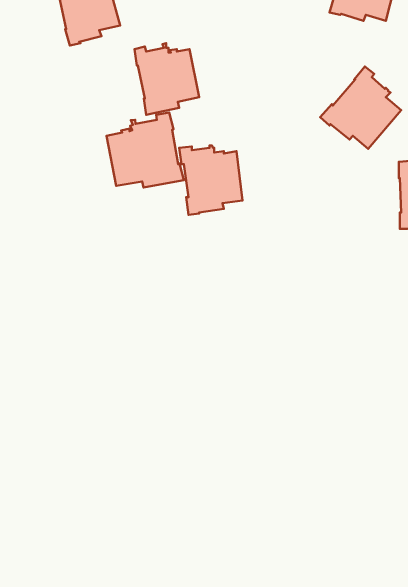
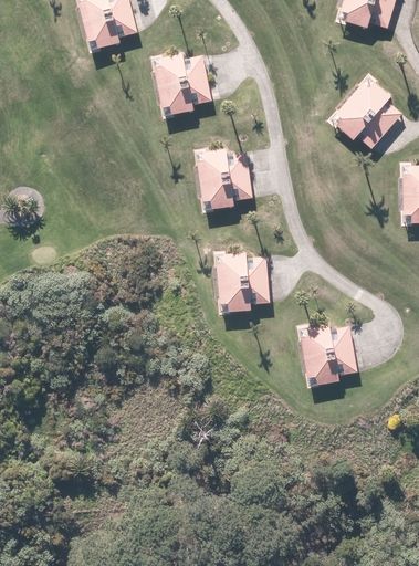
building: [107,112,184,187] -> none
building: none -> [214,249,270,314]
building: none -> [297,321,358,387]

